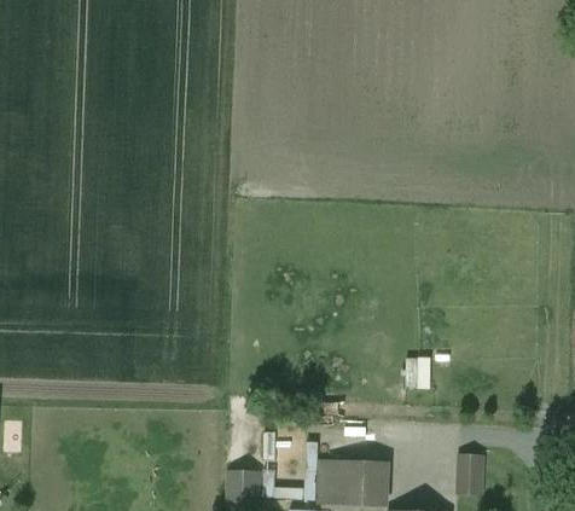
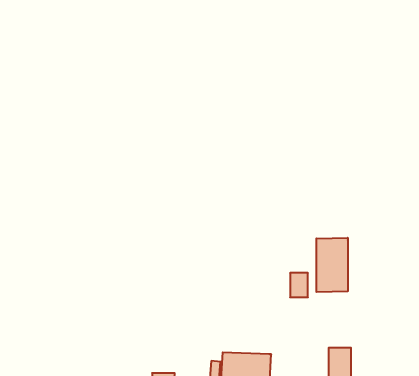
building: none -> [316,238,348,292]

